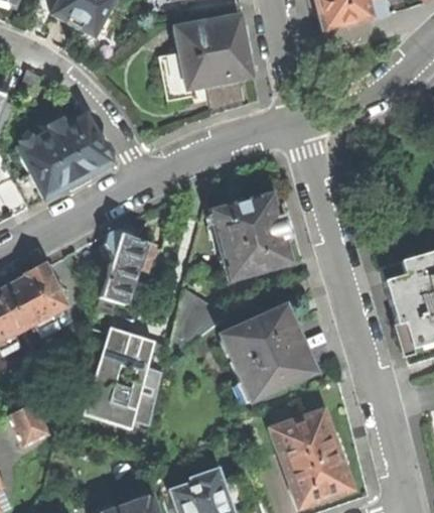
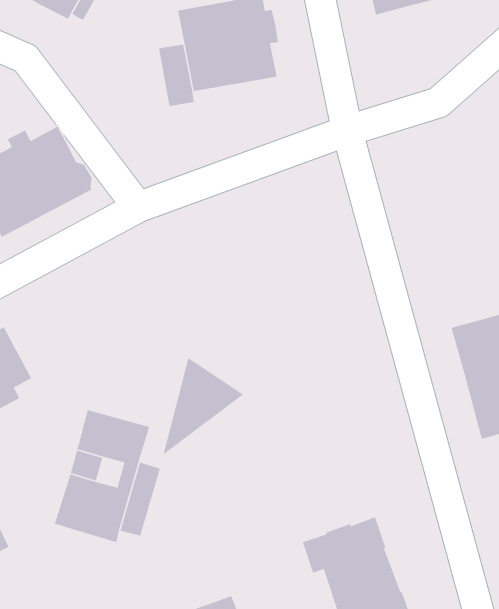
building: [210,191,289,278] -> none
building: [99,227,152,302] -> none
building: [221,304,314,402] -> none

